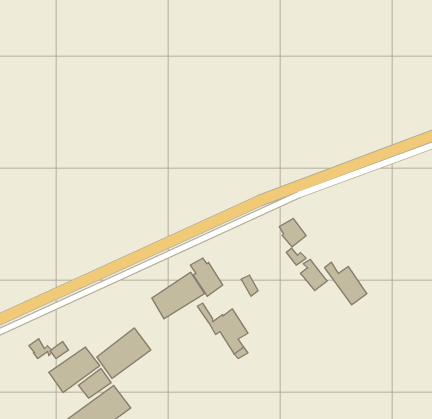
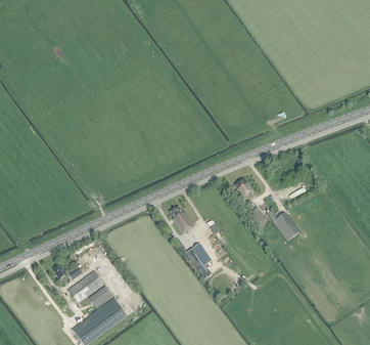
building: [152,272,204,319] -> none
building: [97,328,151,378] -> none

